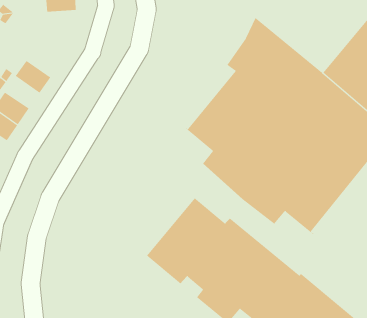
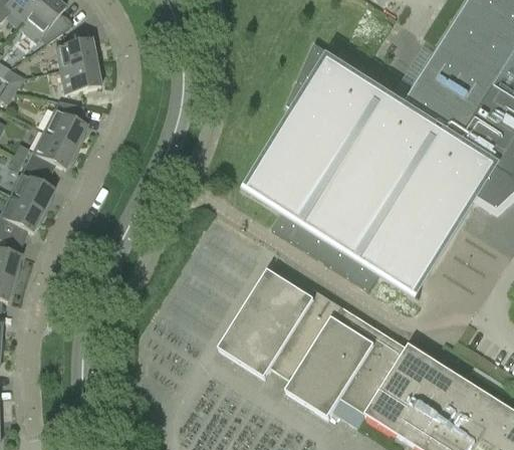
building: none -> [60,62,101,92]
building: none -> [43,100,87,148]

